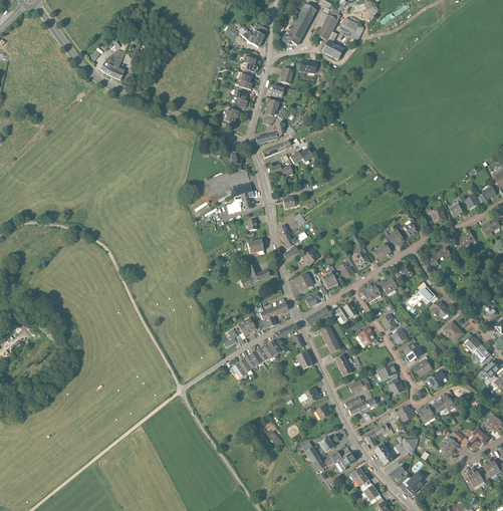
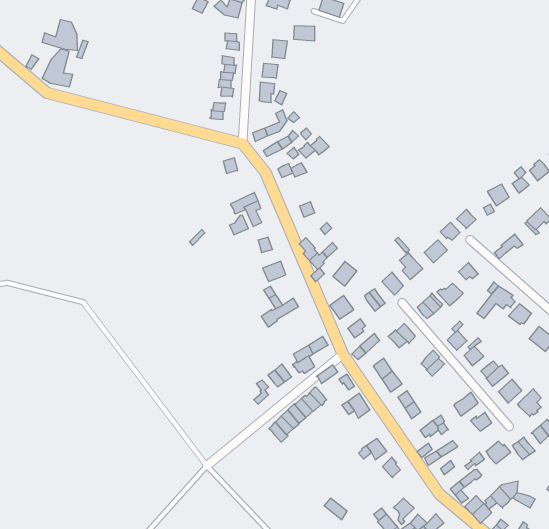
building: none -> [42,19,77,51]

